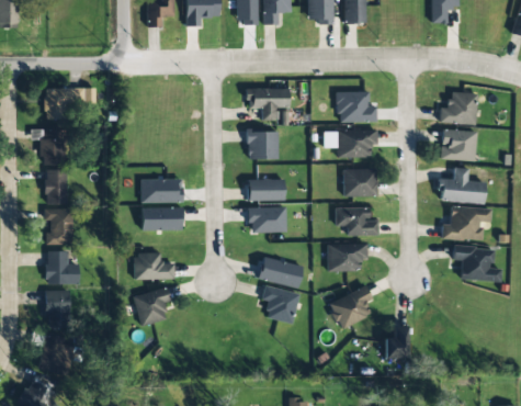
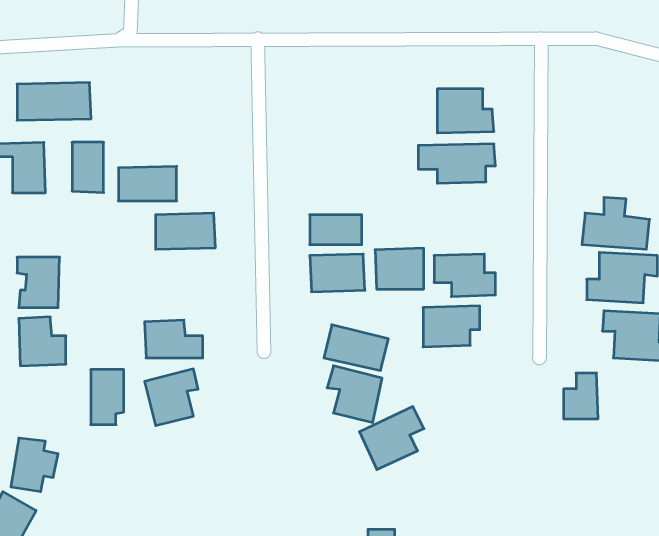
building: [248,88,290,121] -> none
building: [440,92,477,124] -> none
building: [248,129,279,159] -> none
building: [441,129,477,160] -> none
building: [343,168,377,196] -> [375,248,424,289]
building: [46,169,68,204] -> [72,142,104,193]
building: [143,206,183,230] -> [118,166,177,201]
building: [329,285,374,329] -> [359,407,424,470]
building: [47,290,70,328] -> [91,370,124,425]
building: [385,326,409,358] -> [564,373,598,419]

